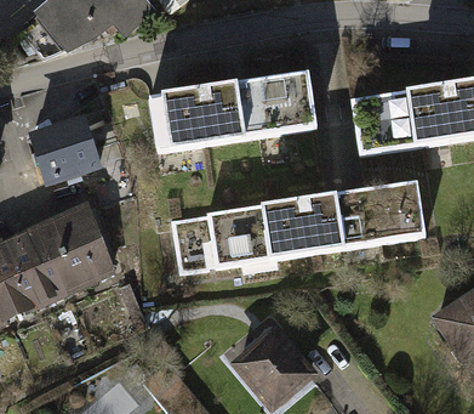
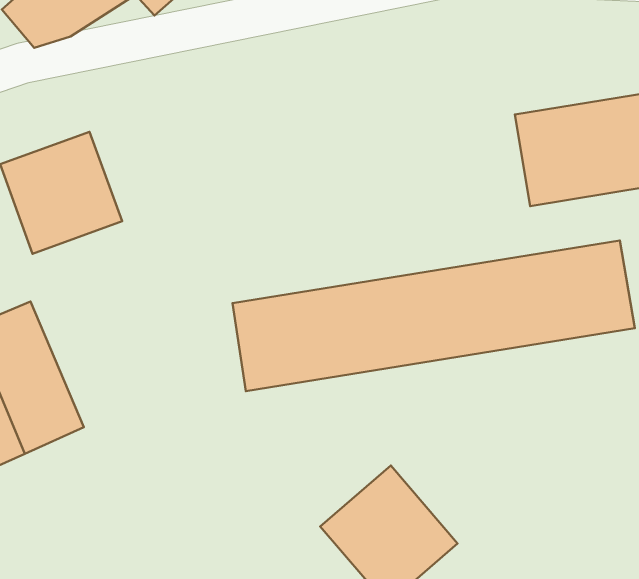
building: [144,69,313,155] -> none
building: [44,199,122,299] -> none

